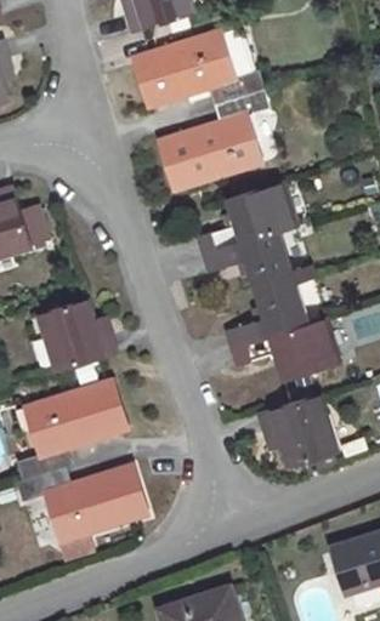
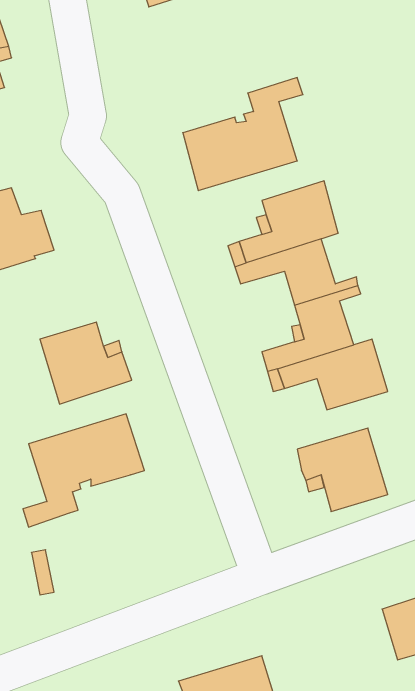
building: [134,32,259,106] -> none
building: [21,465,146,558] -> none

